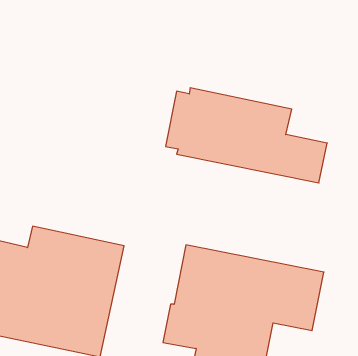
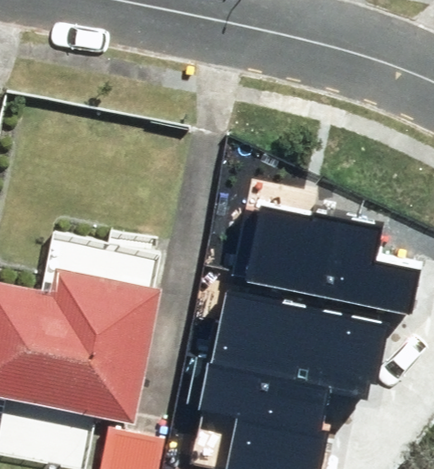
building: [166,88,327,183] -> [233,206,424,318]

